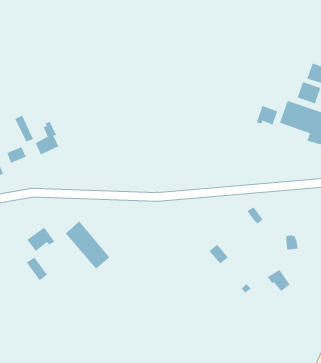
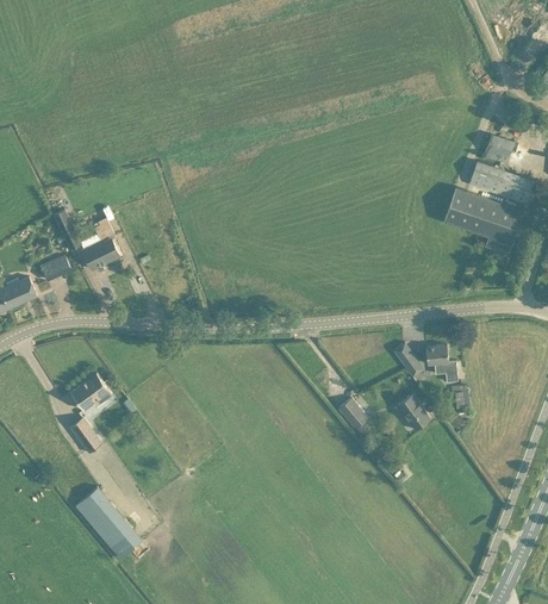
building: [256,105,278,125] -> none
building: none -> [426,345,457,384]
building: [65,221,110,269] -> [76,487,143,559]
building: [267,269,290,292] -> [394,396,429,429]

